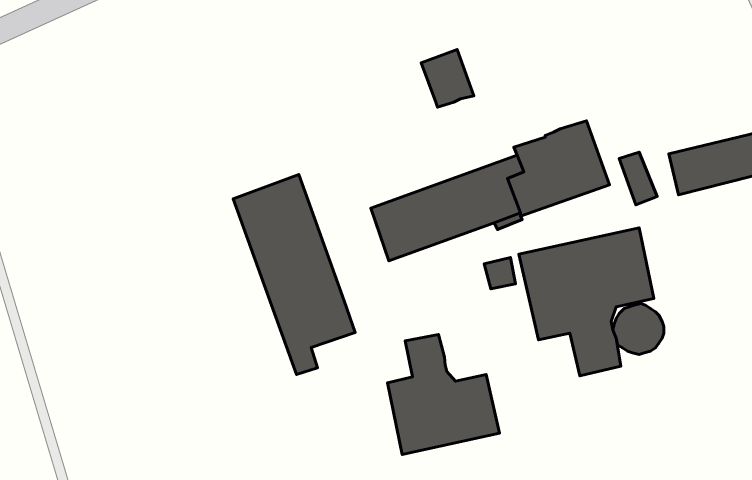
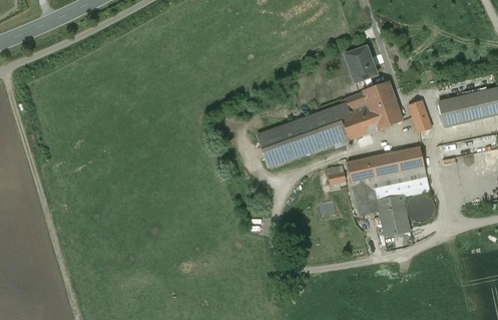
building: [421,50,474,107] -> [344,46,376,81]
building: [233,174,355,375] -> none
building: [387,334,499,455] -> none

